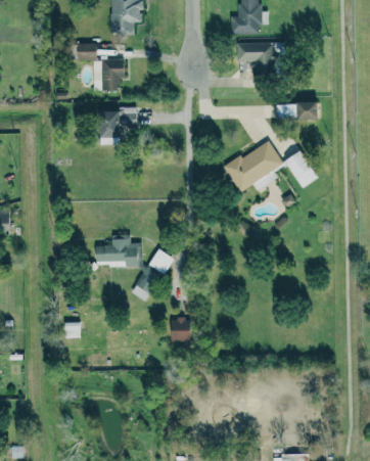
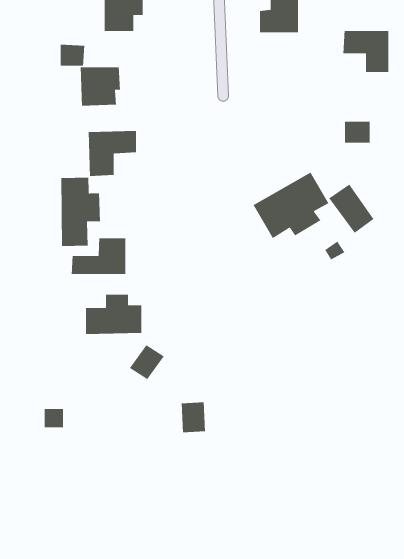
building: [237,42,273,75] -> [343,30,389,73]
building: none -> [61,177,101,247]
building: none -> [71,237,126,275]
building: [148,248,175,275] -> none

